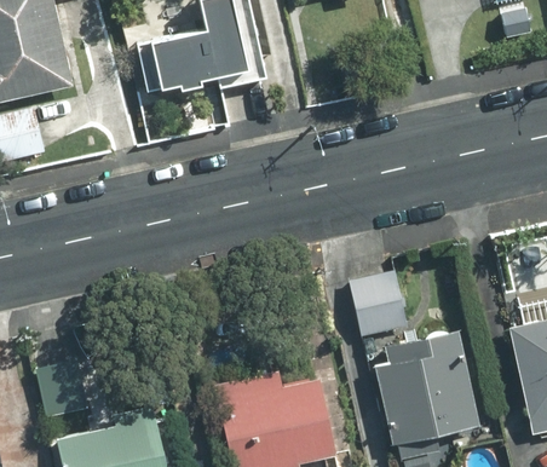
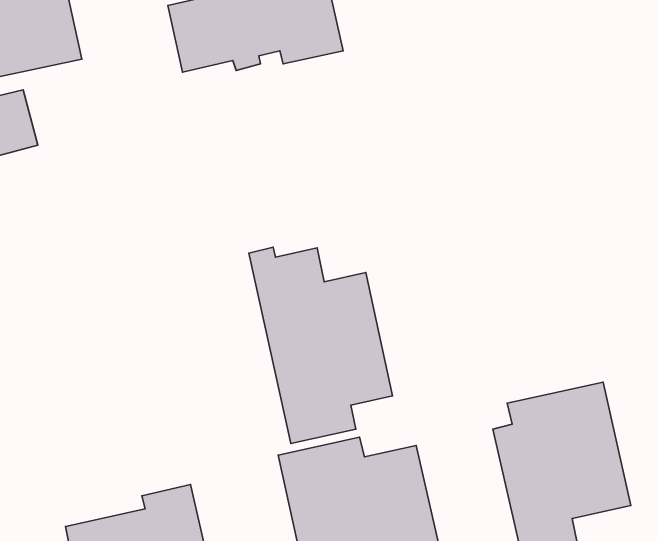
building: none -> [249,247,392,443]
building: [349,267,404,331] -> none

